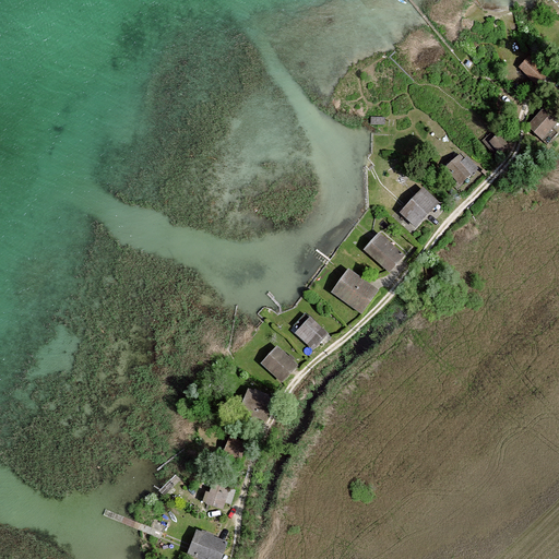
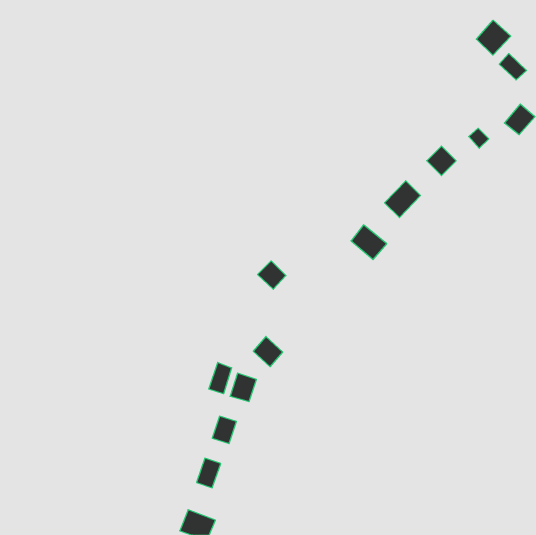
building: none -> [476,20,511,55]
building: [334,271,376,311] -> none
building: [296,318,325,347] -> [258,261,286,289]
building: none -> [209,362,232,394]

